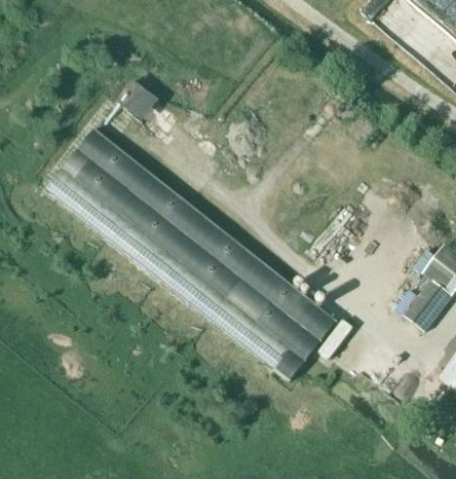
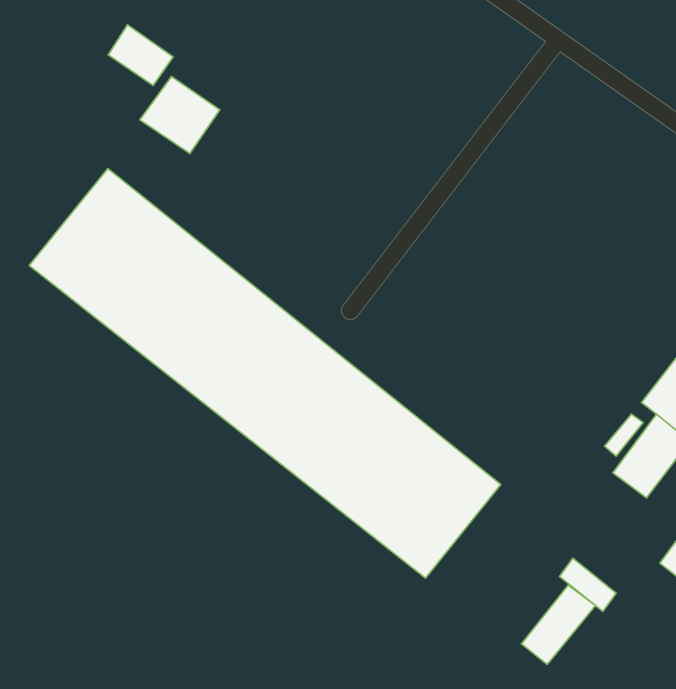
building: none -> [108,25,173,85]
building: none -> [521,585,595,665]

